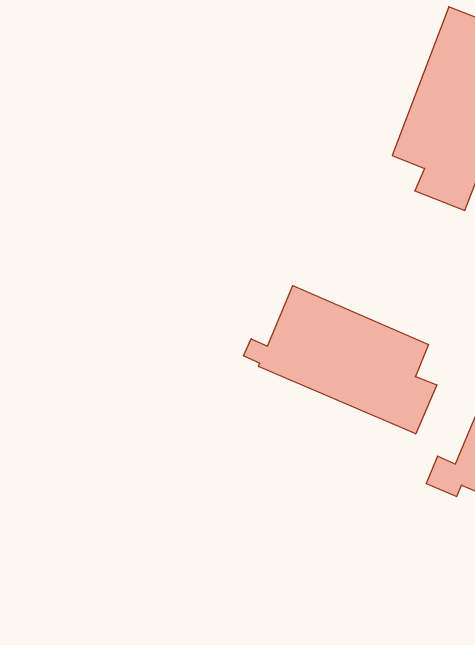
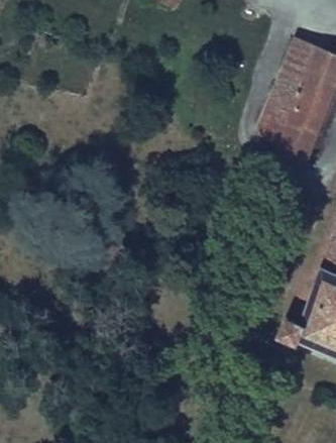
building: [244,286,437,434] -> none

